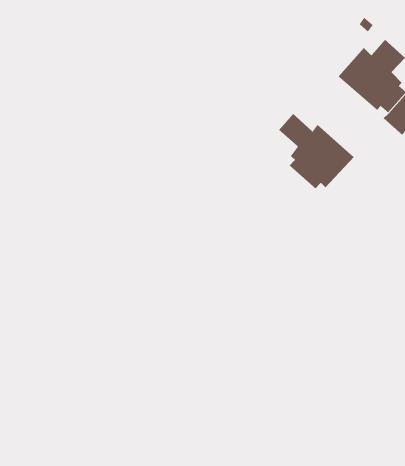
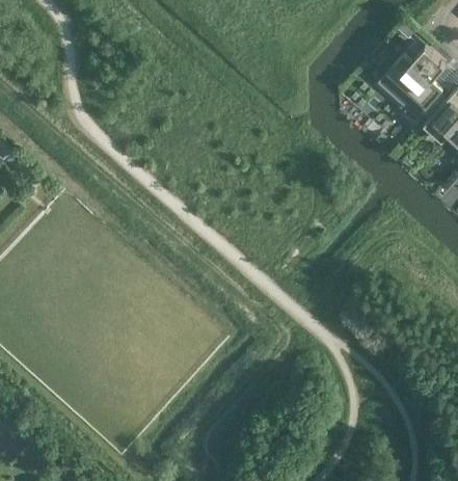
building: [278,113,354,189] -> none

